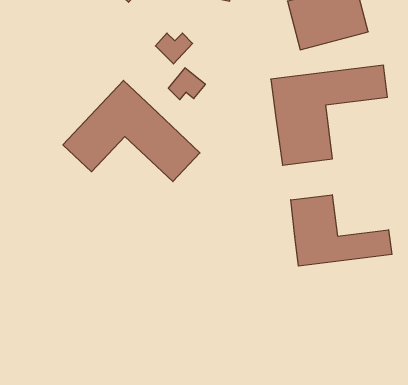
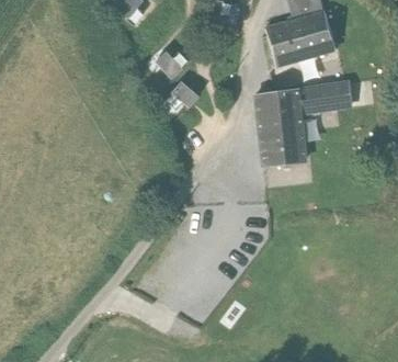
building: [63,80,200,182] -> none
building: [291,195,392,266] -> none

